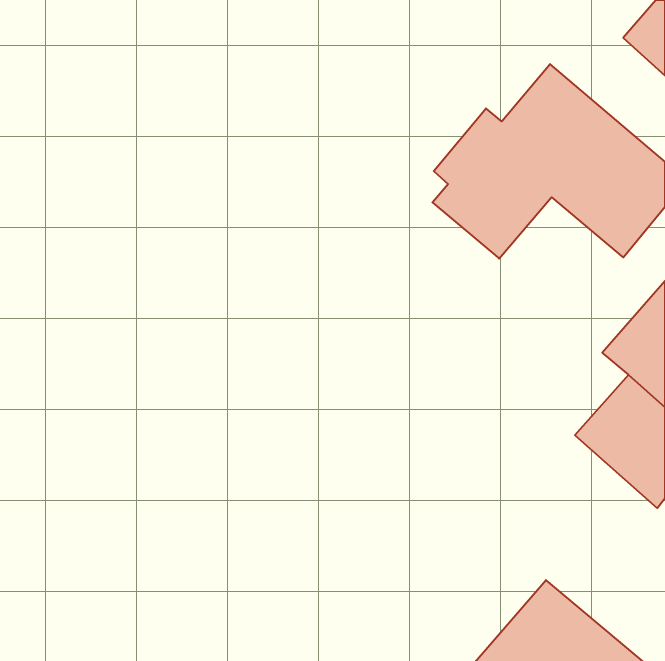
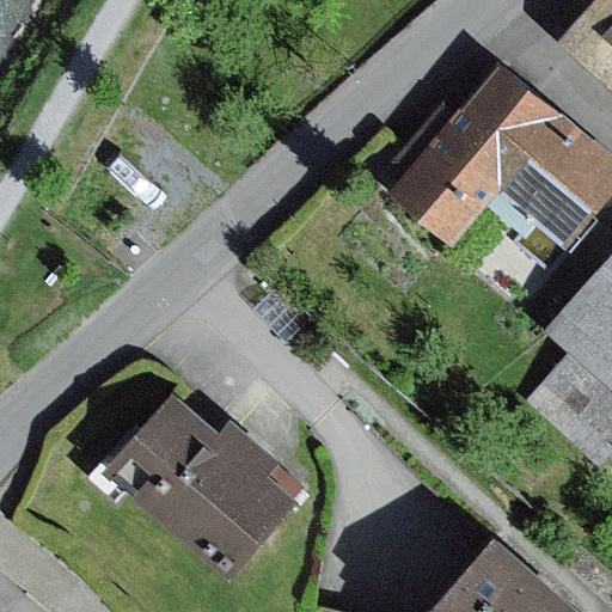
building: none -> [109,404,301,576]

